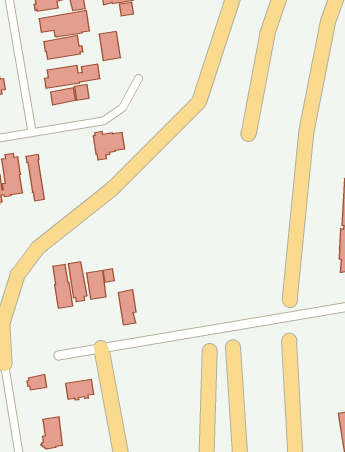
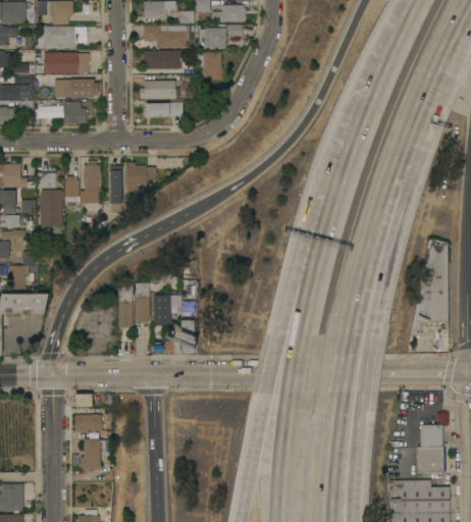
building: none -> [203,28,226,47]
building: [93,131,125,160] -> [125,163,156,192]
building: [66,380,94,400] -> [74,415,102,433]

